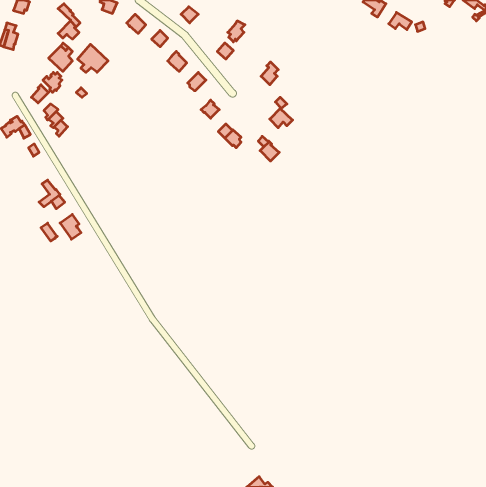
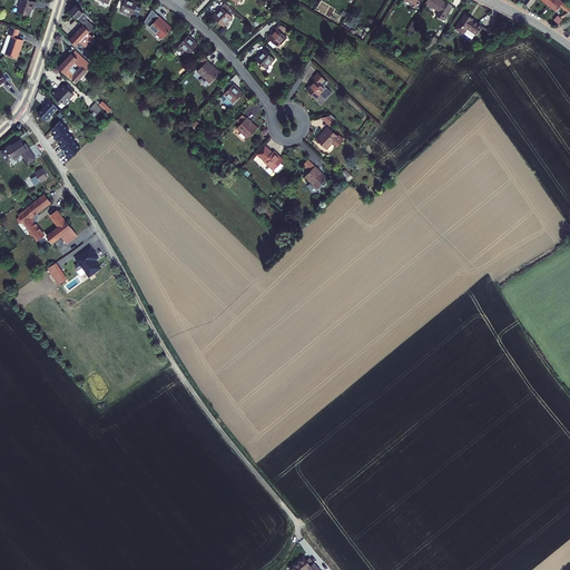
building: [78,44,108,72] -> none
building: none -> [19,194,50,239]

